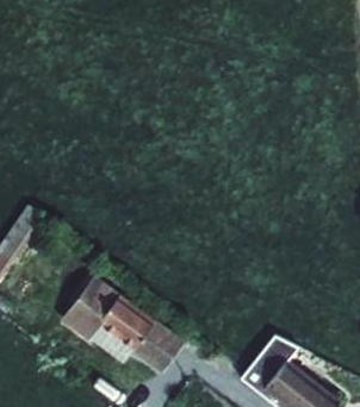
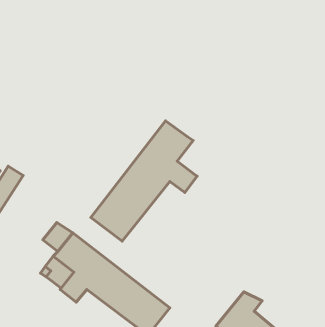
building: none -> [91,121,197,241]

